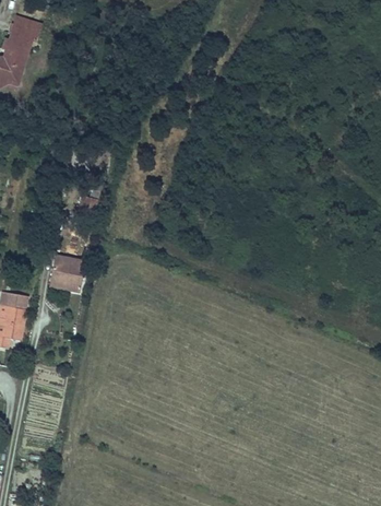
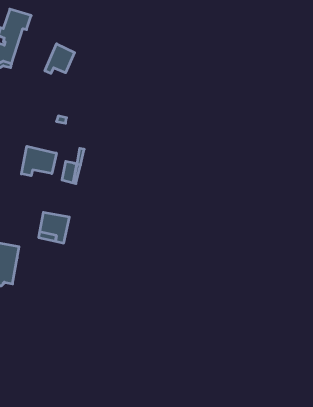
building: none -> [45,44,75,73]
building: none -> [21,146,56,176]

